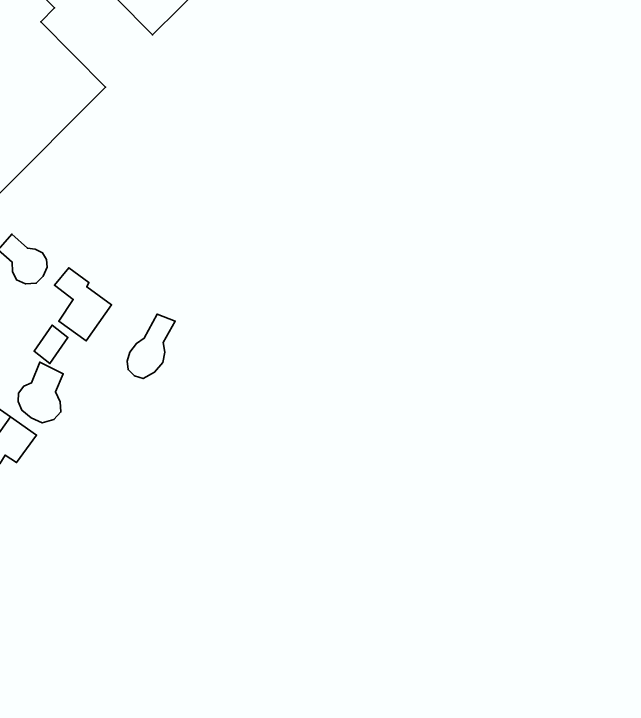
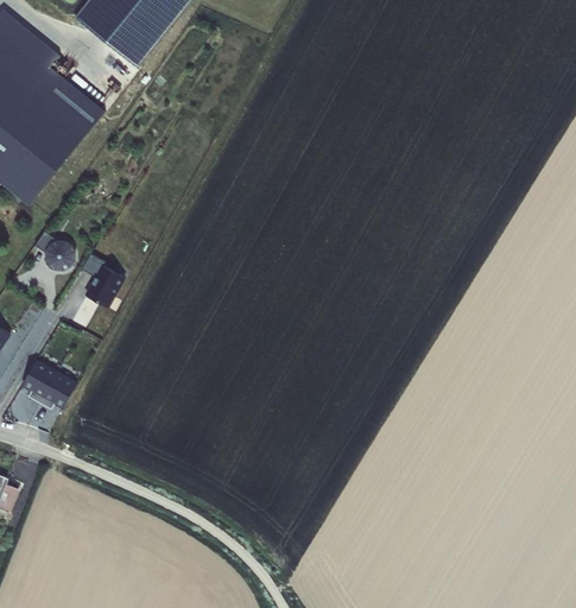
building: [127,314,175,378] -> none
building: [18,362,63,423] -> none

